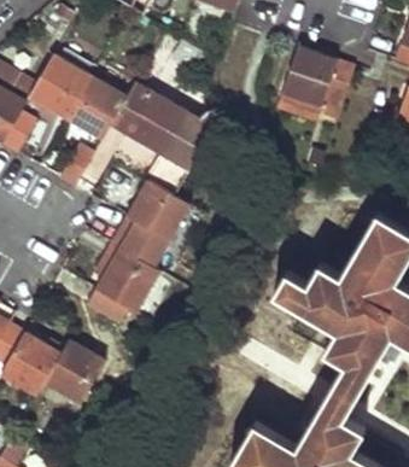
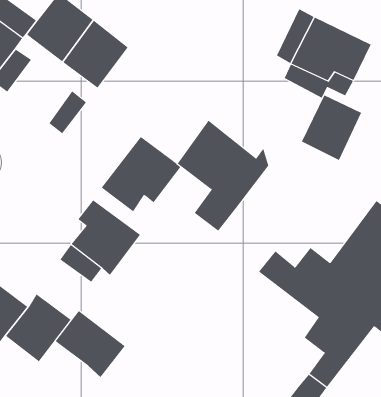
building: [128,91,215,194] -> [177,120,269,231]
building: none -> [301,94,362,161]
building: none -> [55,310,125,378]

